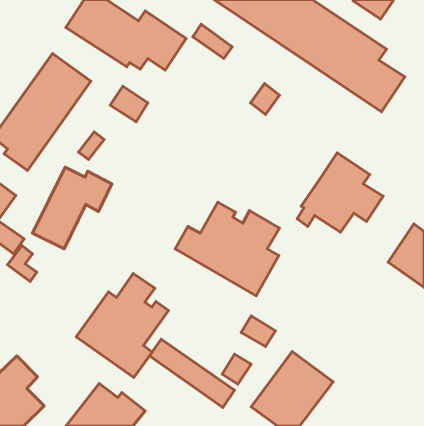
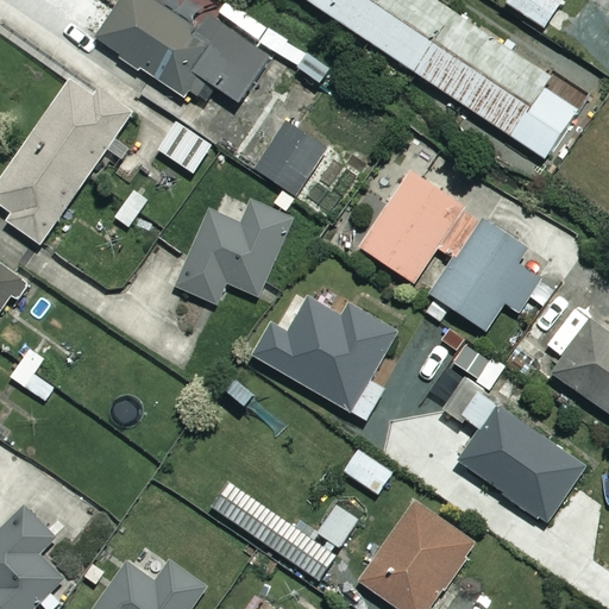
building: none -> [255,123,326,196]
building: none -> [359,170,481,283]
building: [33,167,112,249] -> [172,190,285,307]
building: none -> [441,376,585,523]
building: [76,273,168,377] -> none

